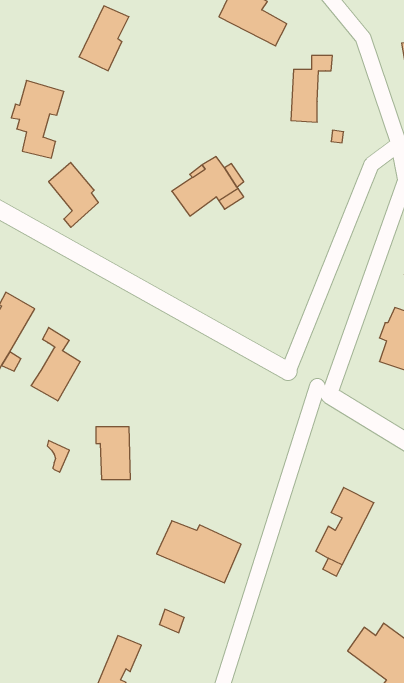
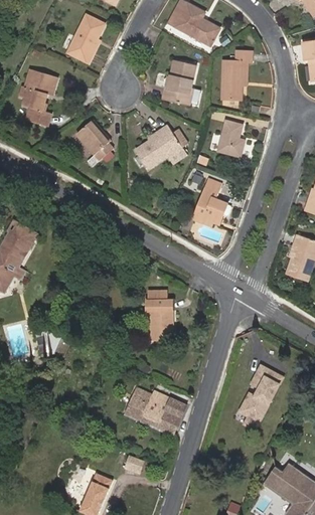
building: none -> [162,60,195,105]
building: none -> [217,121,245,157]
building: [49,162,98,227] -> [76,120,113,167]
building: none -> [193,177,230,225]
building: [31,327,80,401] -> none
building: [96,427,130,479] -> [147,301,172,339]

